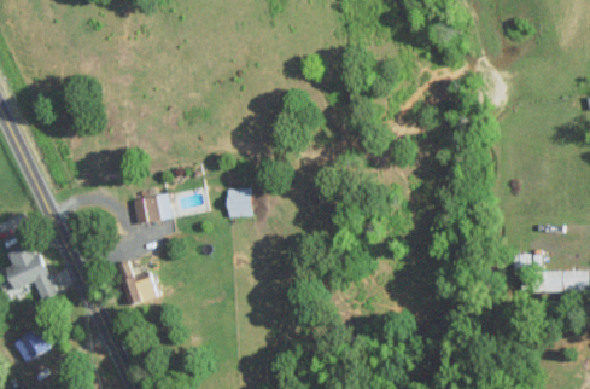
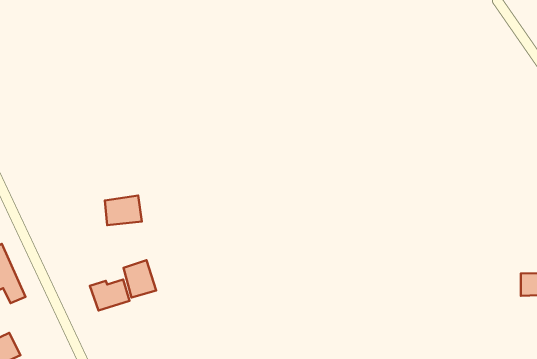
building: [227,187,253,216] -> none
building: none -> [123,260,156,298]

